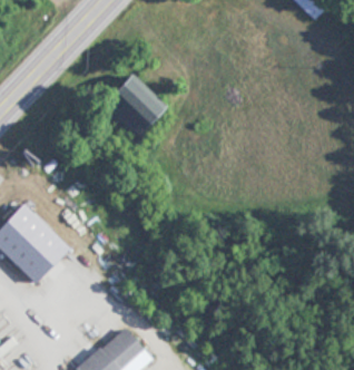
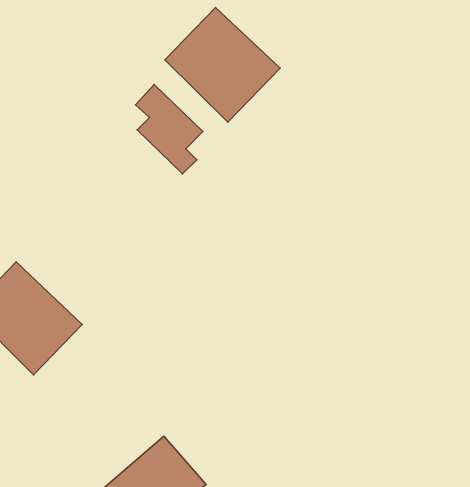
building: none -> [165,8,280,122]

